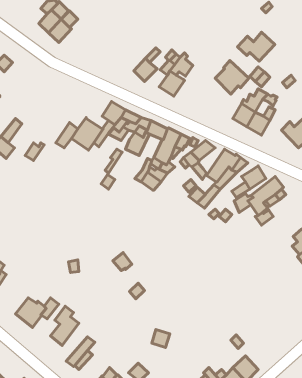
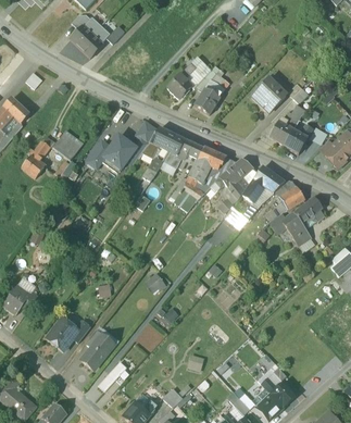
building: [238,32,275,61] -> none
building: none -> [52,129,83,160]

